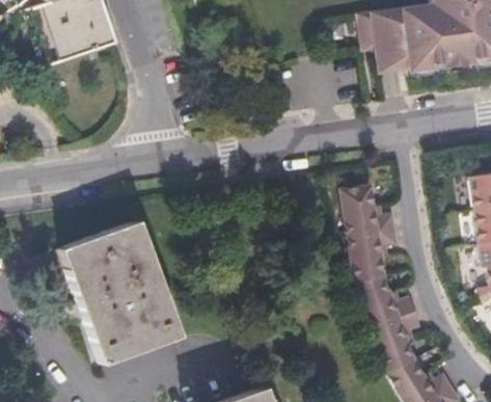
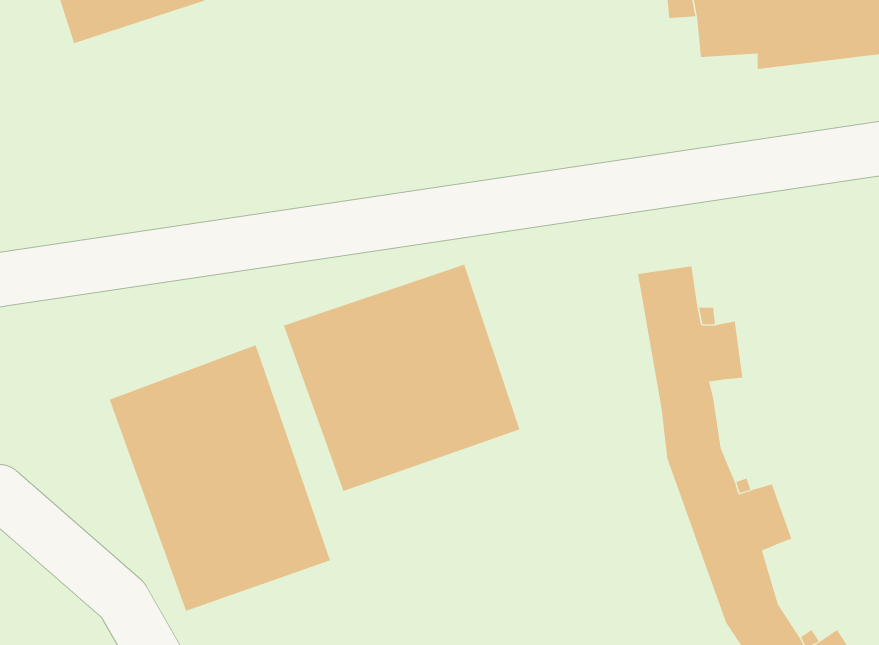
building: none -> [283,264,520,492]

